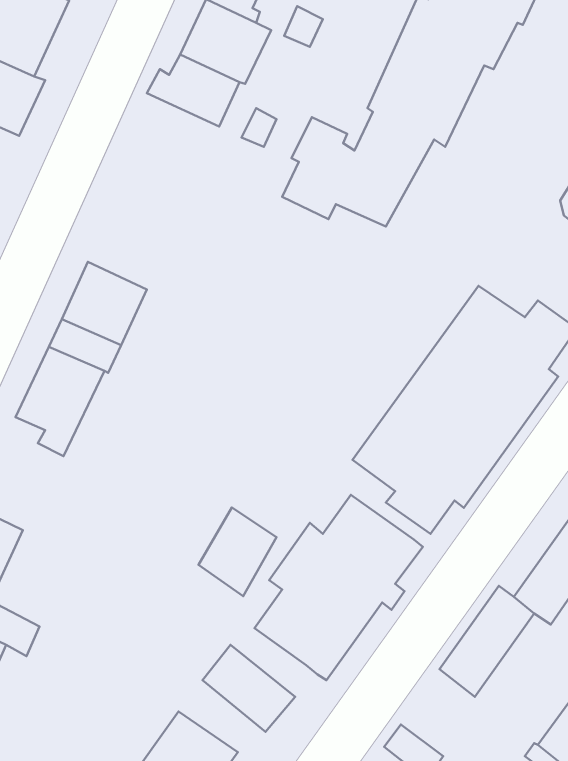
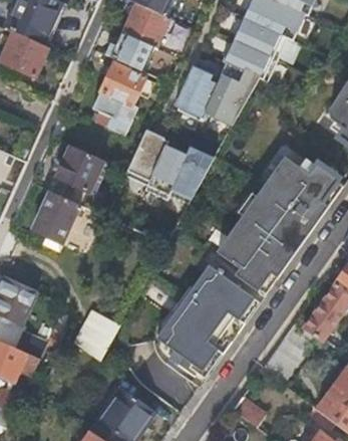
building: none -> [93,62,153,135]
building: none -> [125,130,216,204]
building: [199,507,276,596] -> [76,310,118,359]

